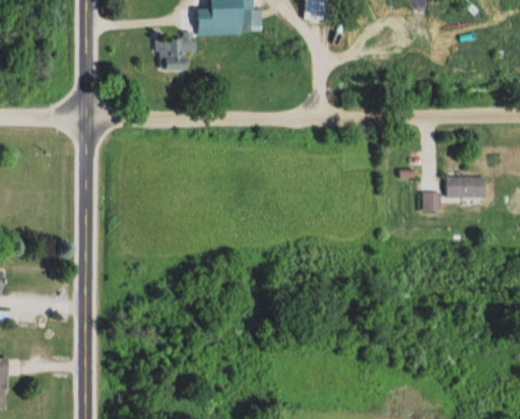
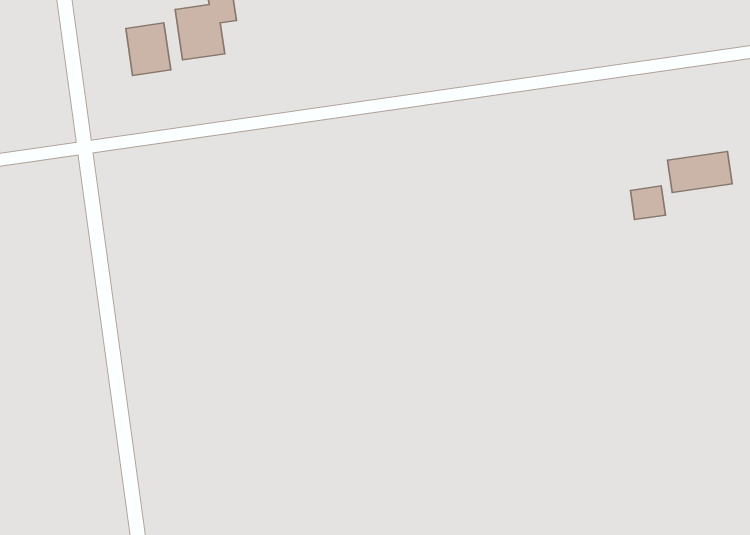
building: none -> [126,23,171,75]

